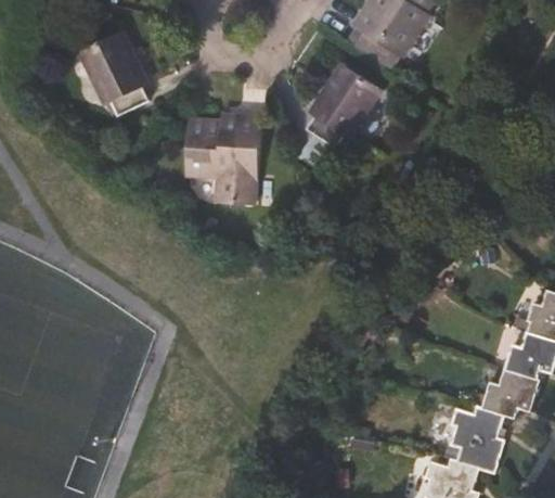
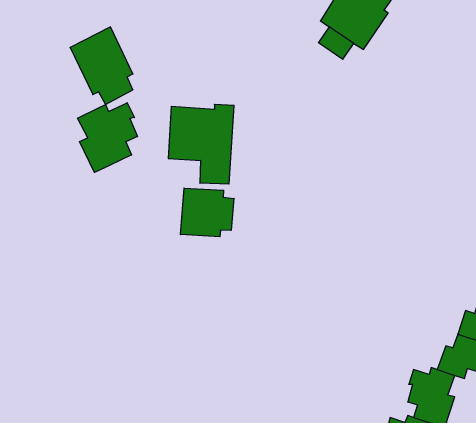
building: [307,63,382,149] -> none
building: none -> [78,103,137,172]
building: none -> [181,188,234,237]

